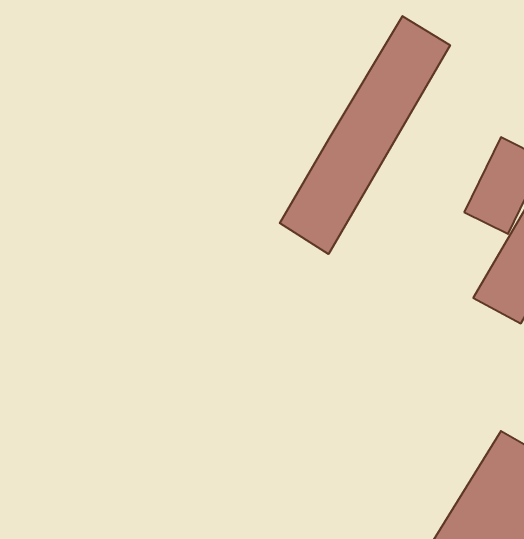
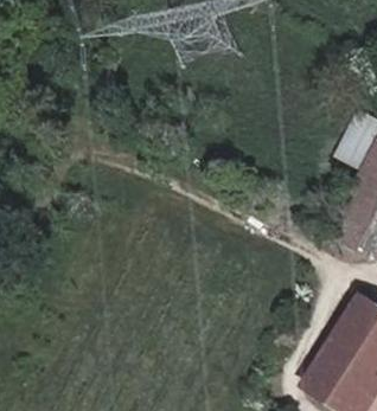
building: [280,16,450,254] -> none

